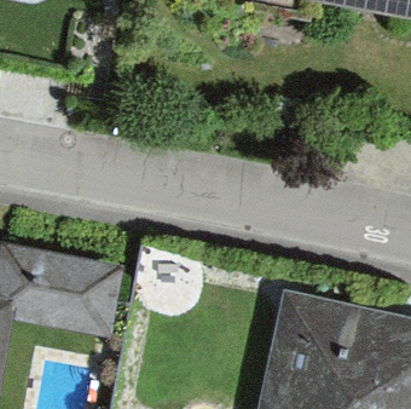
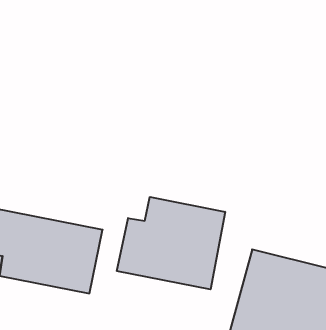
building: none -> [117,197,225,289]

